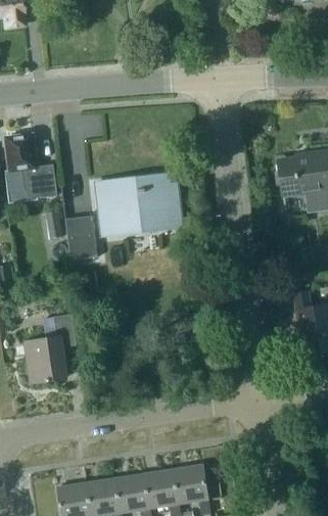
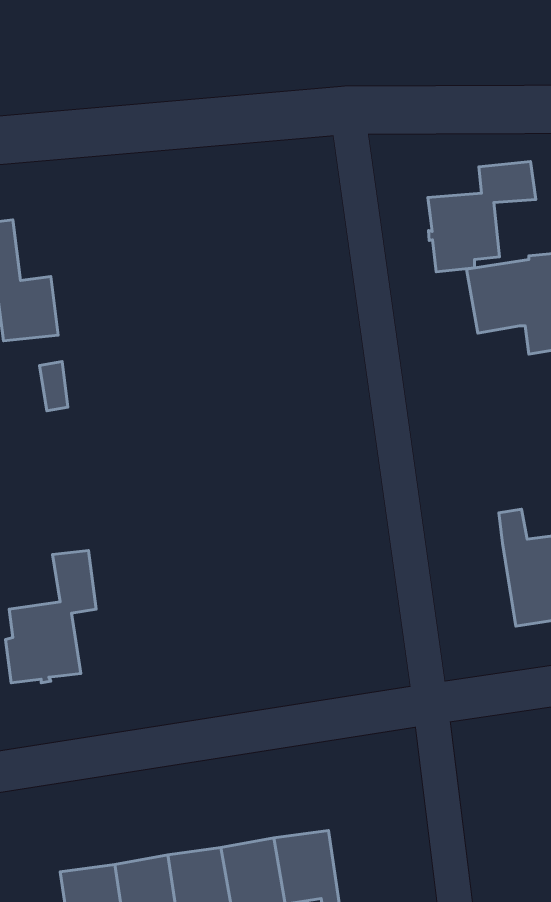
building: none -> [428,161,536,272]
building: [95,172,181,235] -> none
building: [64,216,96,259] -> none

